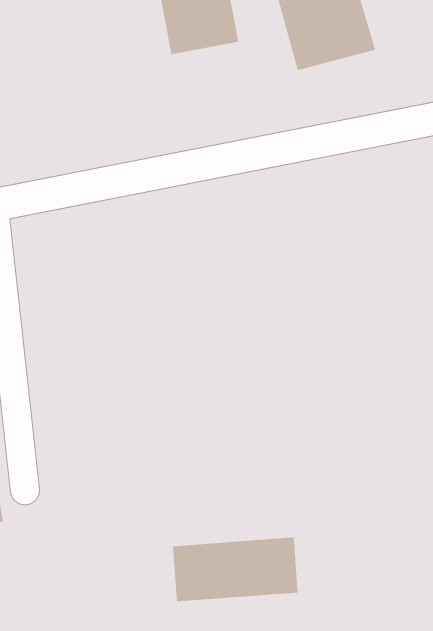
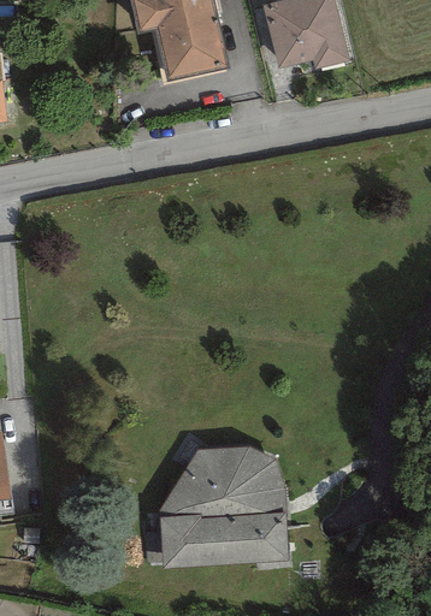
building: none -> [177,442,282,499]

